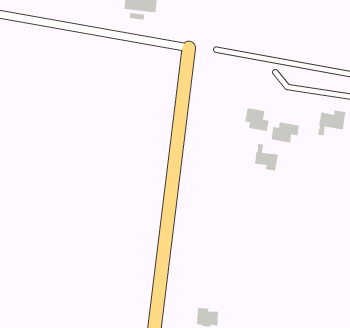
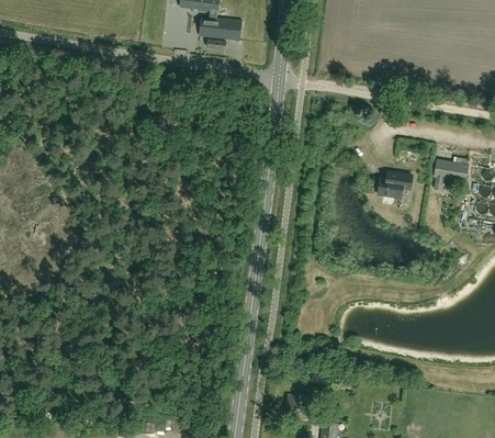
building: [244,108,269,132] -> none
building: [254,143,279,171] -> none

